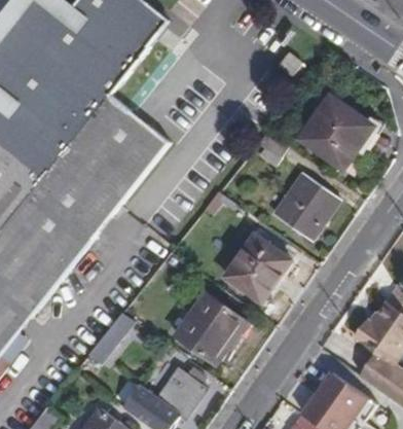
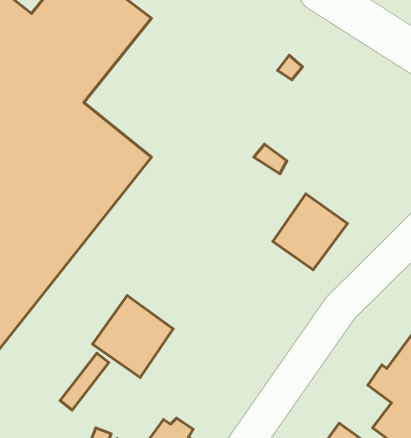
building: [299,95,373,169] -> none
building: [226,235,290,299] -> none
building: [176,291,246,362] -> [93,296,173,377]

